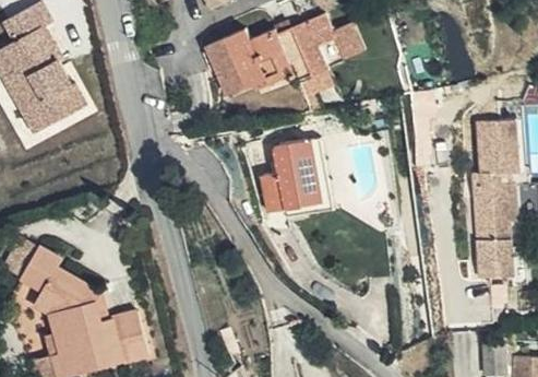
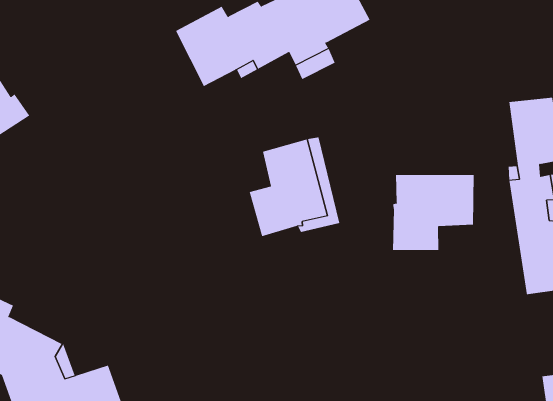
building: none -> [392,174,474,251]

